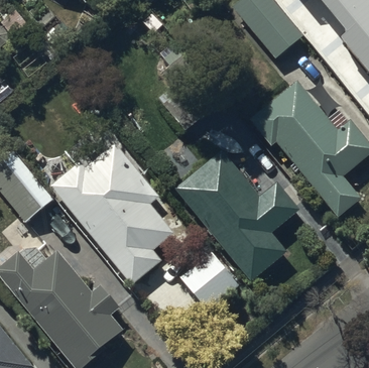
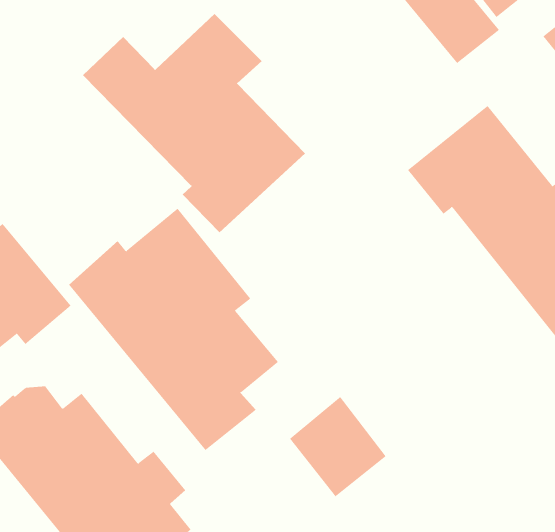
building: none -> [82,13,306,233]
building: [174,148,299,280] -> none

